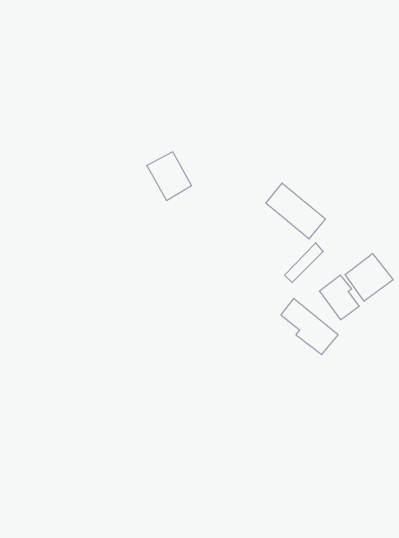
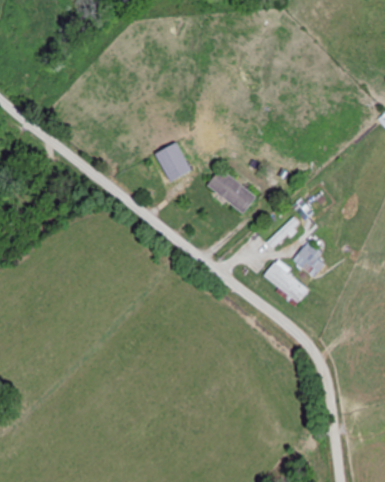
building: [266,183,325,239] -> [208,168,256,213]
building: [345,254,393,301] -> none

